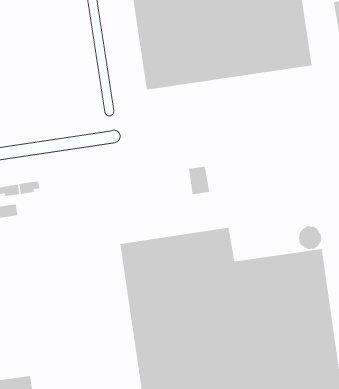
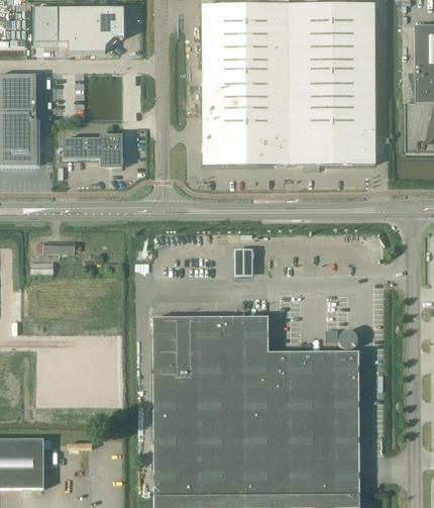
building: none -> [64,134,122,167]

